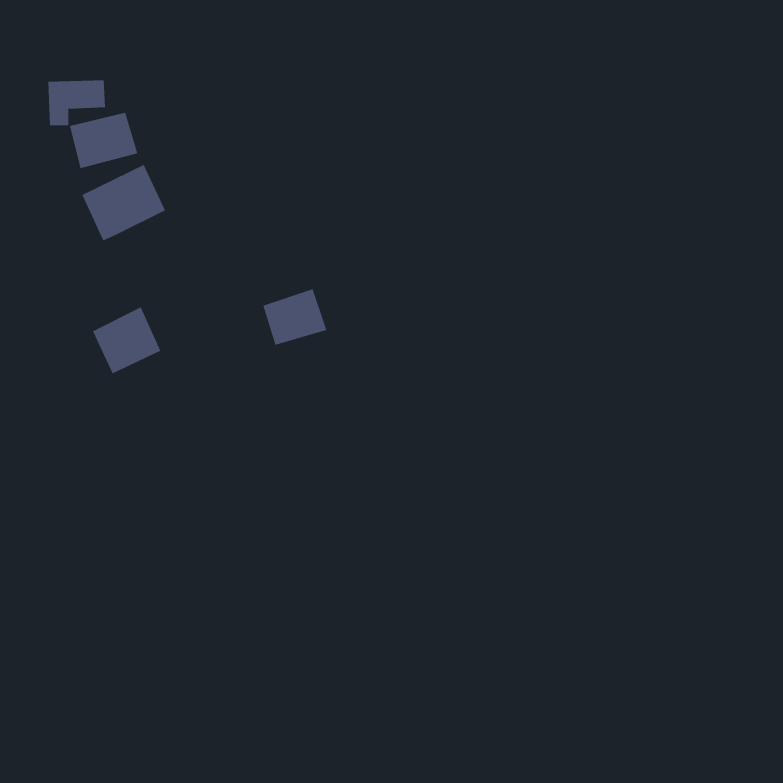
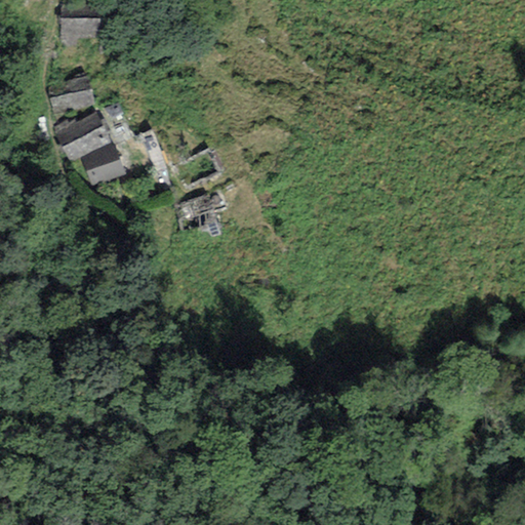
building: [48,80,106,126] -> [60,16,99,47]
building: [92,306,161,374] -> [79,140,125,186]

